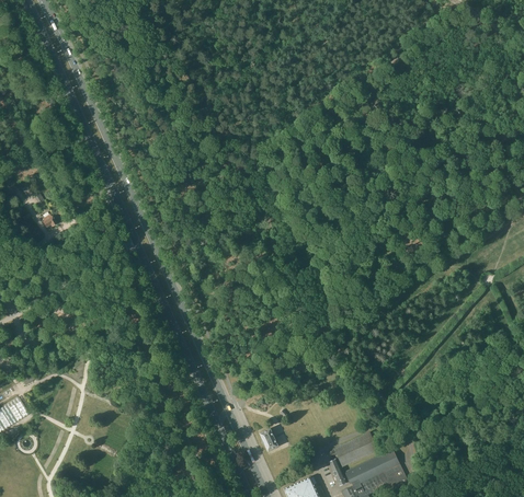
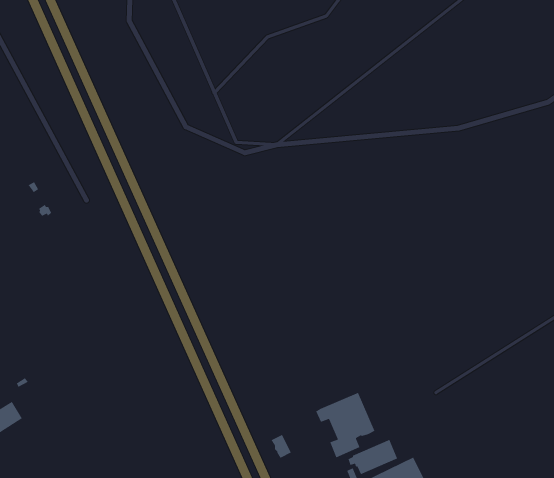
building: none -> [315,392,375,459]

